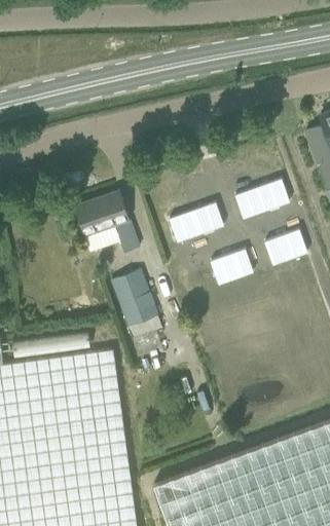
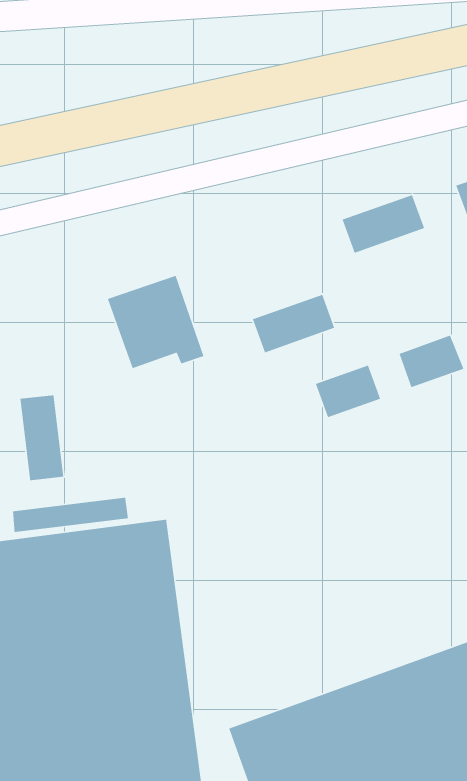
building: [234,179,289,218] -> [341,194,425,254]
building: none -> [19,394,64,481]
building: [111,270,156,325] -> none

